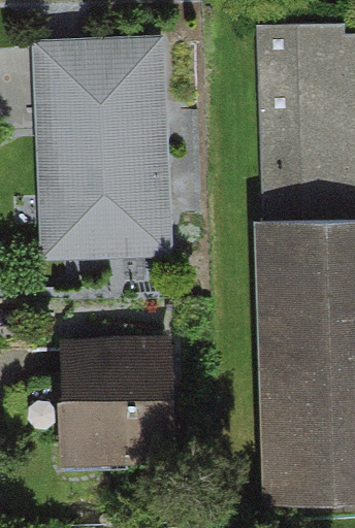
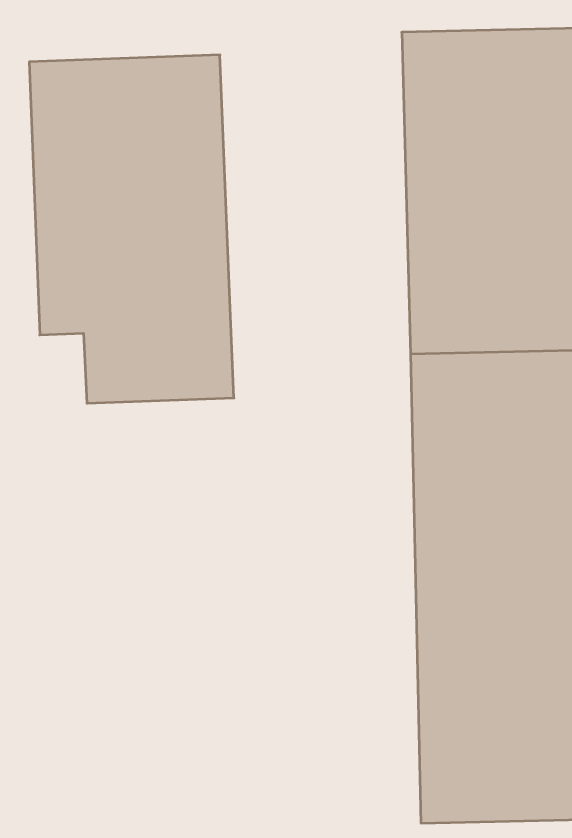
building: [51,341,161,466] -> none

